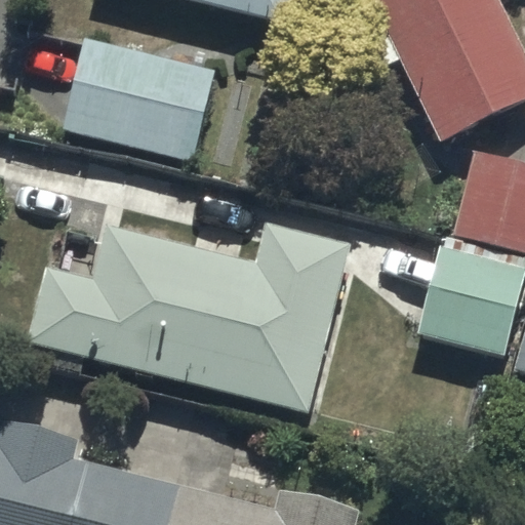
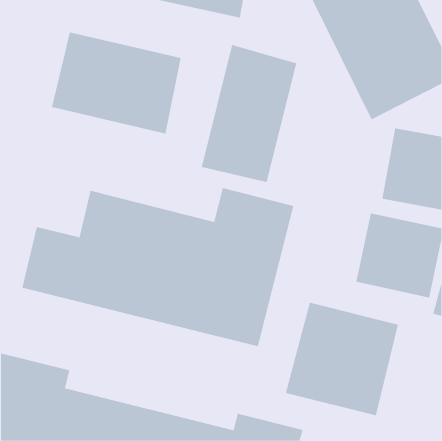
building: none -> [201,44,297,183]
building: none -> [285,302,399,416]

